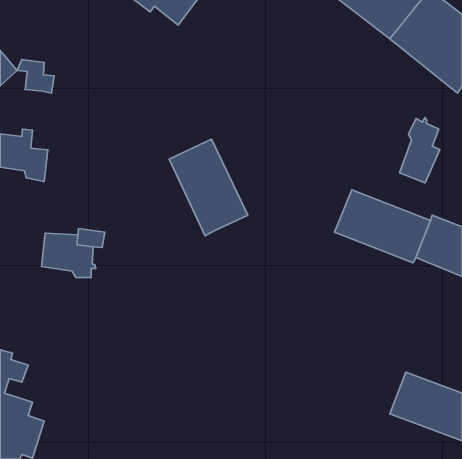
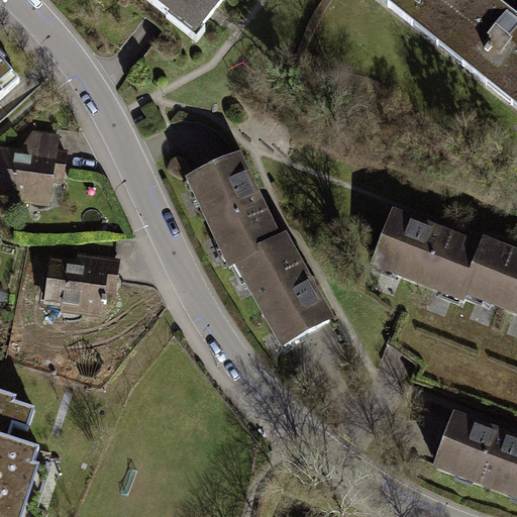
building: [17,60,54,93] -> [25,132,67,170]
building: [400,118,440,183] -> none
building: none -> [238,236,328,343]

